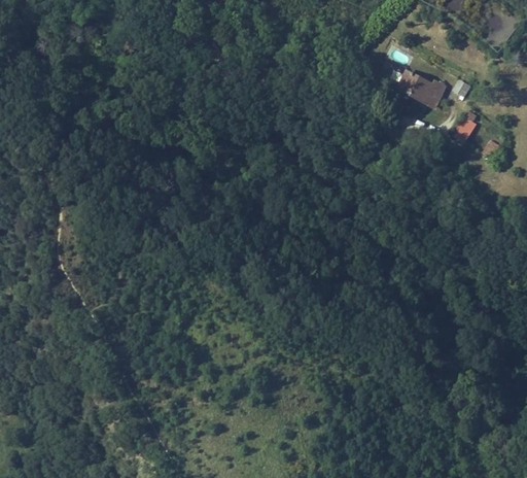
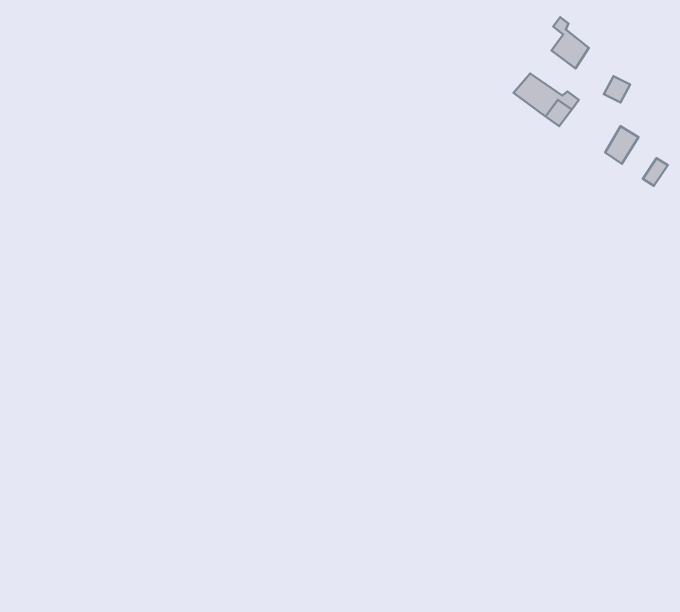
building: none -> [551,17,589,68]

